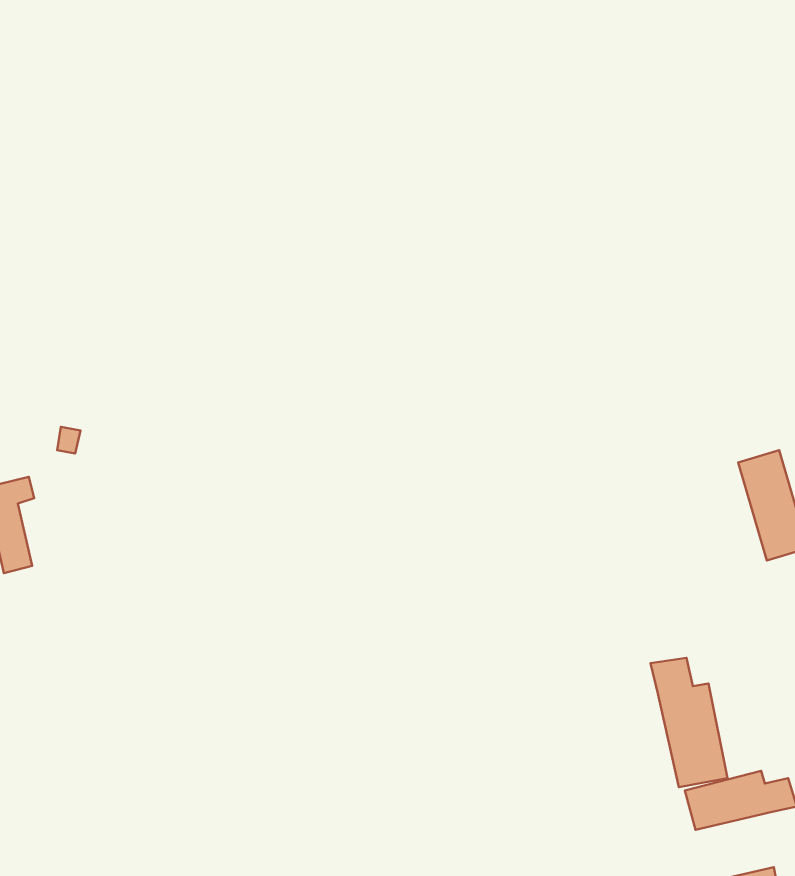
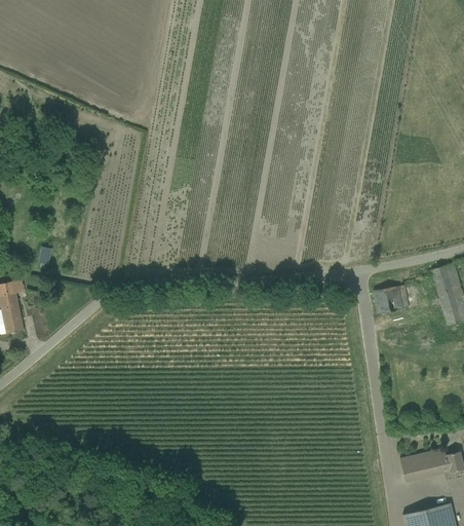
building: none -> [373,286,408,314]
building: [650,658,728,787] -> none

